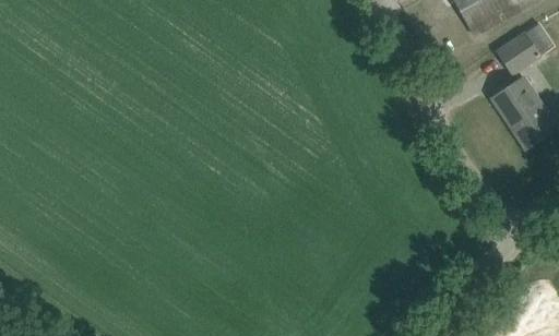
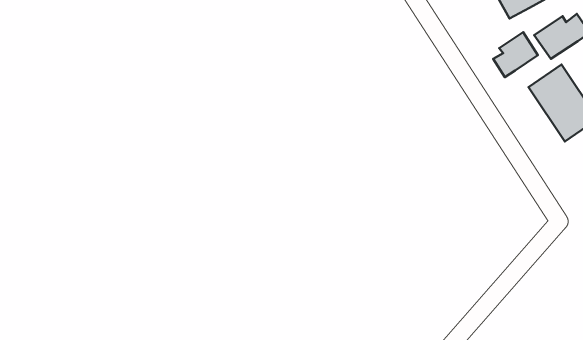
building: none -> [493,32,538,77]

